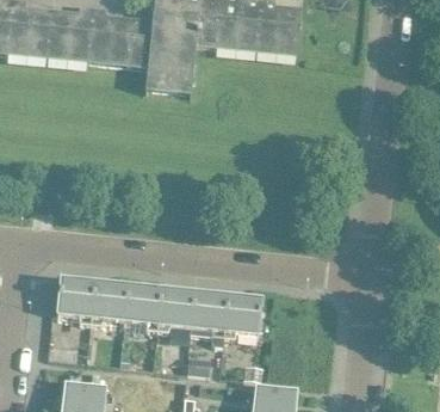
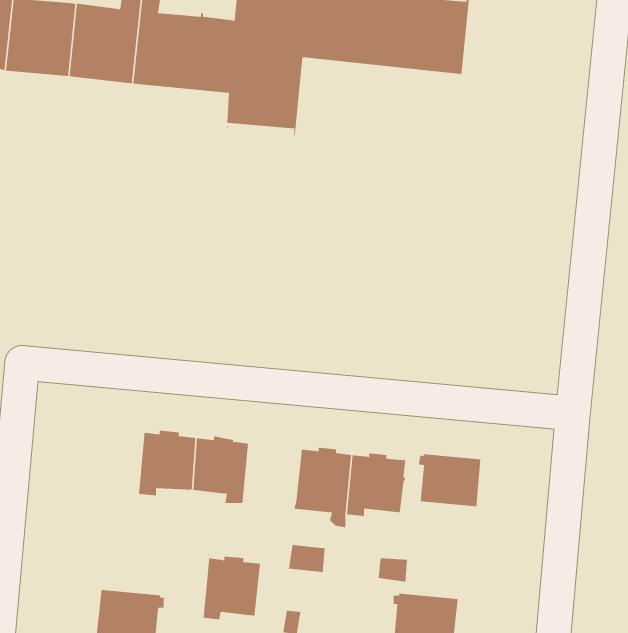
building: [56,279,93,322] -> none
building: [156,289,193,330] -> [203,556,261,620]
building: none -> [418,454,481,507]

